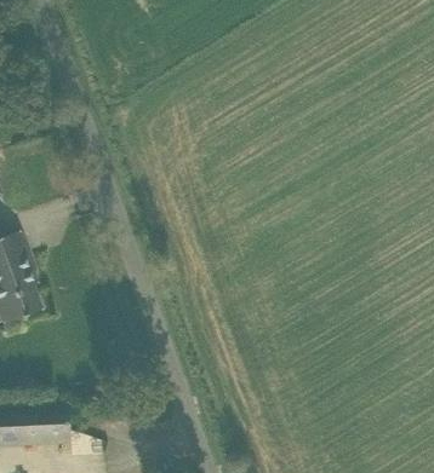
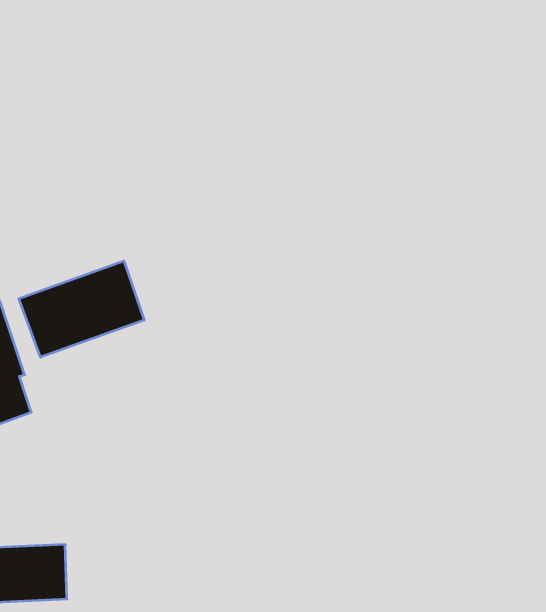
building: none -> [19,261,144,357]

